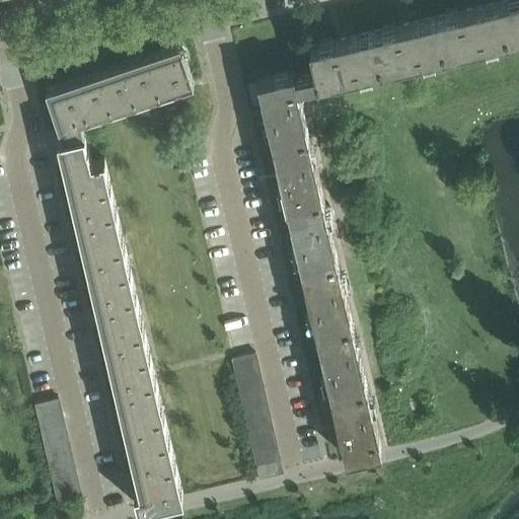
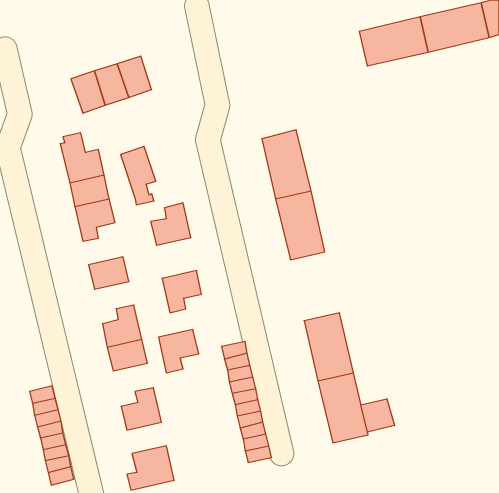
building: [254,43,378,153] -> none
building: [145,56,191,102] -> none
building: [49,91,85,151] -> [121,147,156,205]
building: [85,239,127,283] -> [151,203,191,245]
building: [299,270,350,341] -> none
building: [97,300,138,344] -> [162,271,201,313]
building: [117,384,158,429] -> [158,329,199,373]
building: none -> [361,399,394,432]
building: [131,445,171,477] -> none

